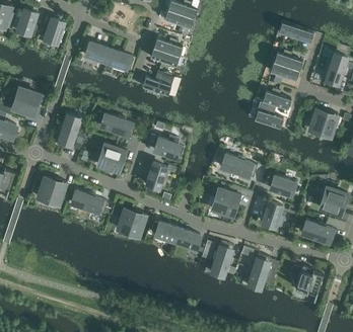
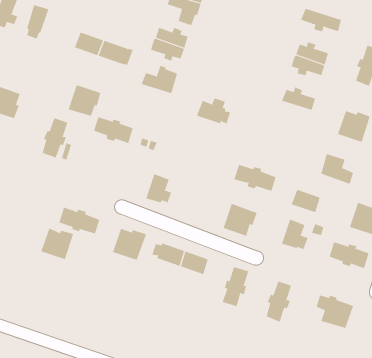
building: [254,102,282,129] -> [320,154,354,185]
building: [153,136,183,158] -> [196,98,231,124]
building: [97,145,126,172] -> [68,84,101,117]
building: [37,177,65,204] -> [41,228,74,260]

